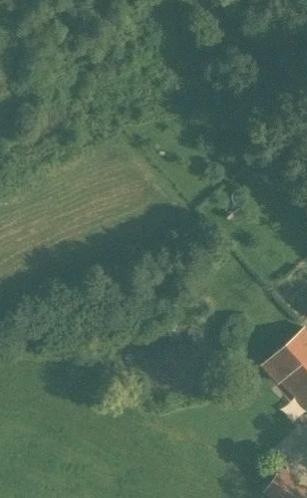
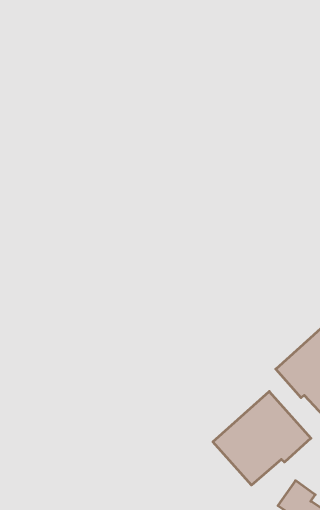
building: none -> [213,391,311,485]

